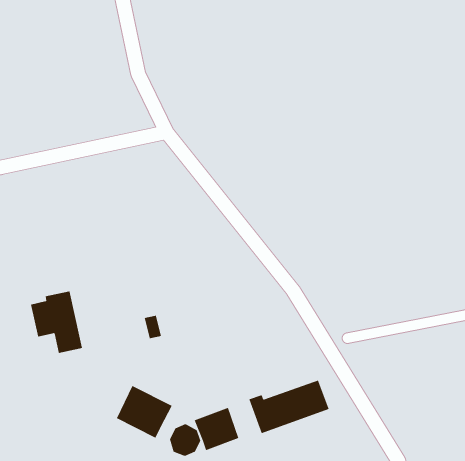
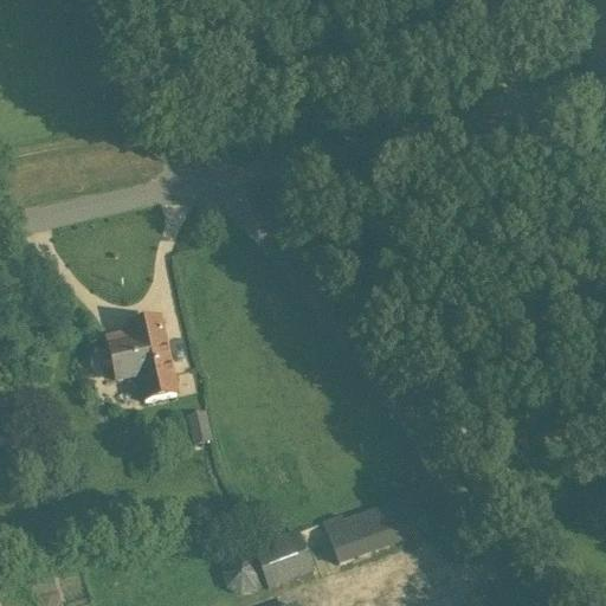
building: [30,291,83,354] -> [108,317,176,399]
building: [116,385,173,439] -> none

